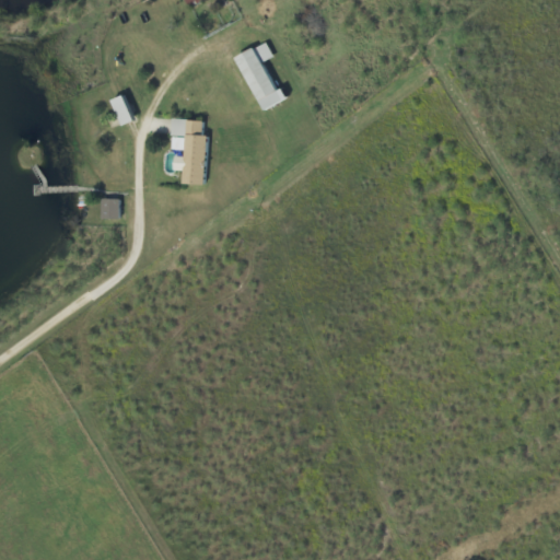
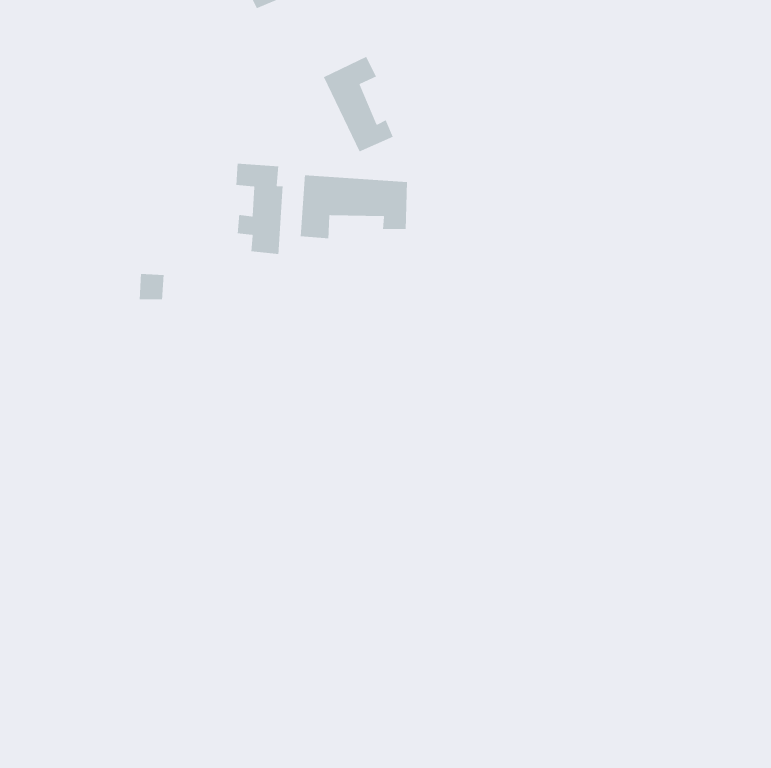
building: [112,93,135,125] -> none
building: none -> [300,175,408,239]

